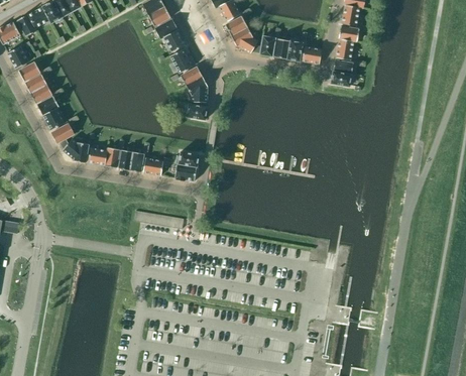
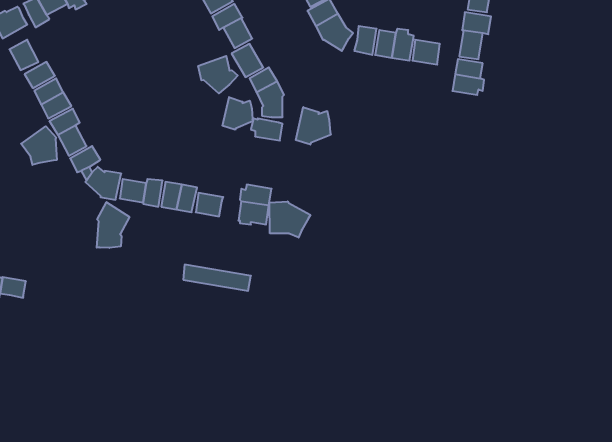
building: none -> [198,56,238,93]
building: none -> [222,97,253,130]
building: none -> [296,107,331,145]
building: none -> [21,126,57,165]
building: none -> [270,201,310,238]
building: none -> [97,202,129,248]

